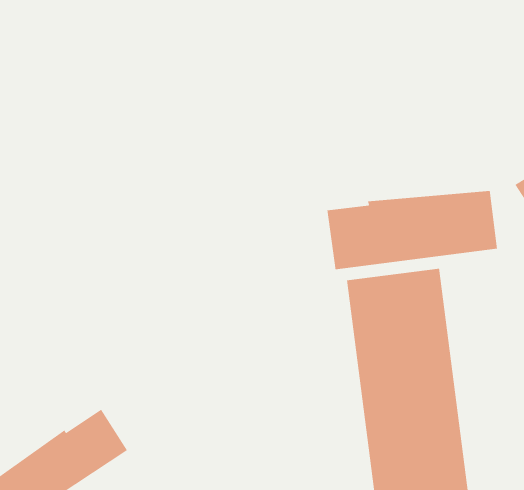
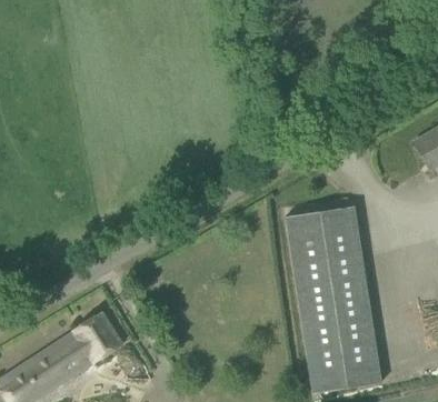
building: [327,190,498,270] -> none

